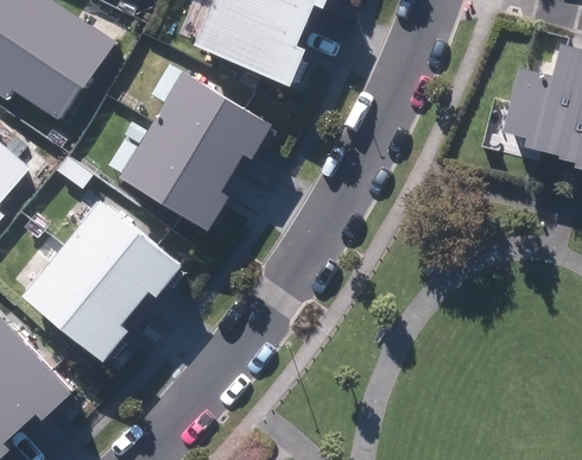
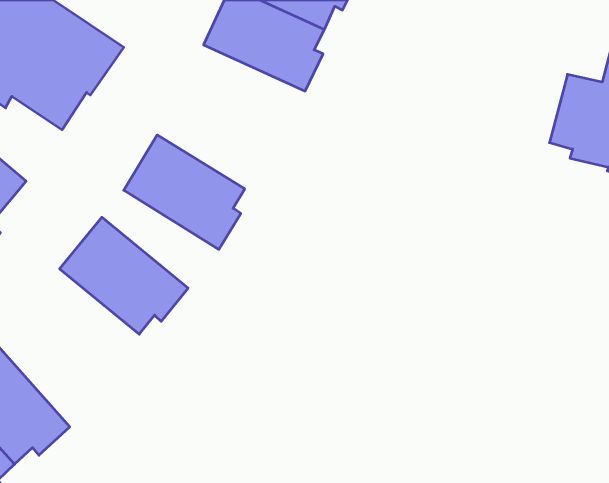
building: [150,73,271,175] -> none
building: [21,248,133,360] -> none

